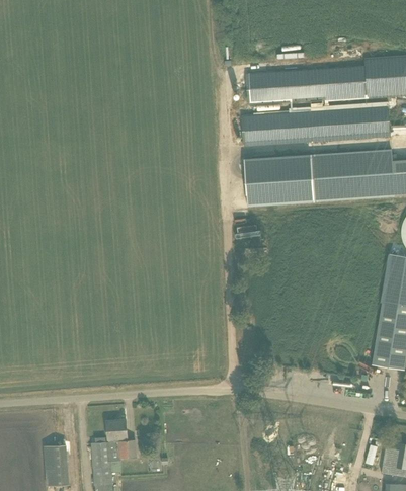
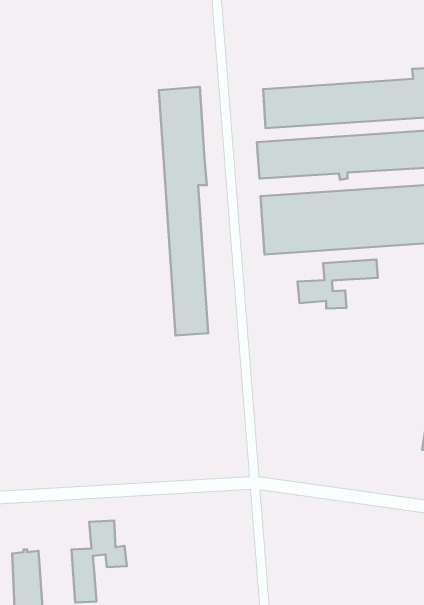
building: none -> [159,87,208,336]
building: none -> [298,259,378,308]

